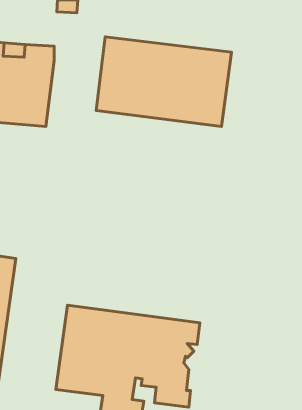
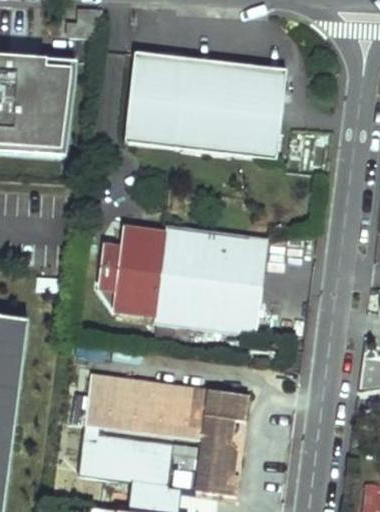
building: none -> [100,224,267,335]

